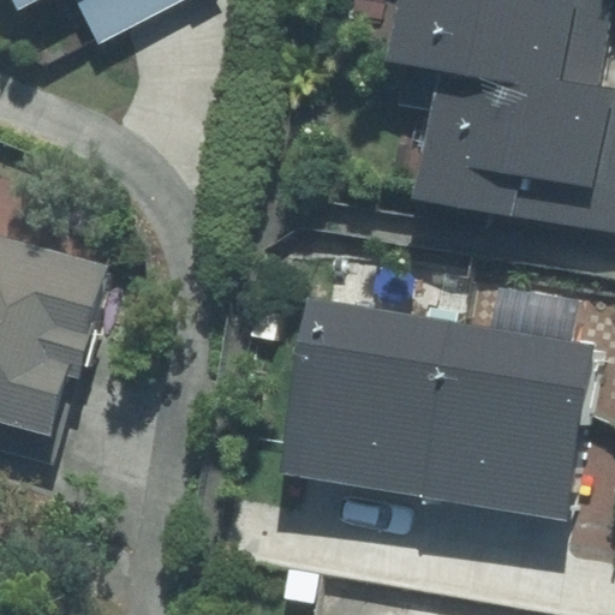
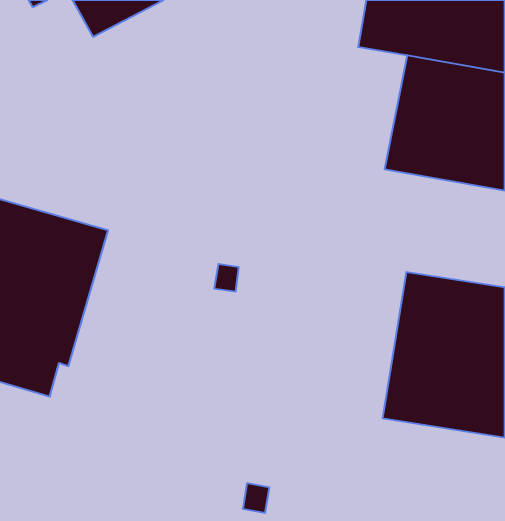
building: [314,299,478,492] -> none

